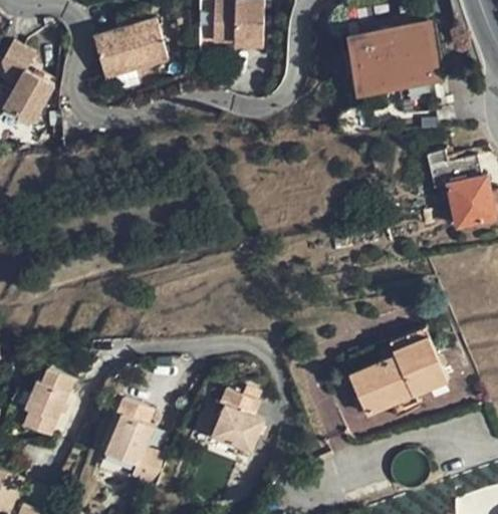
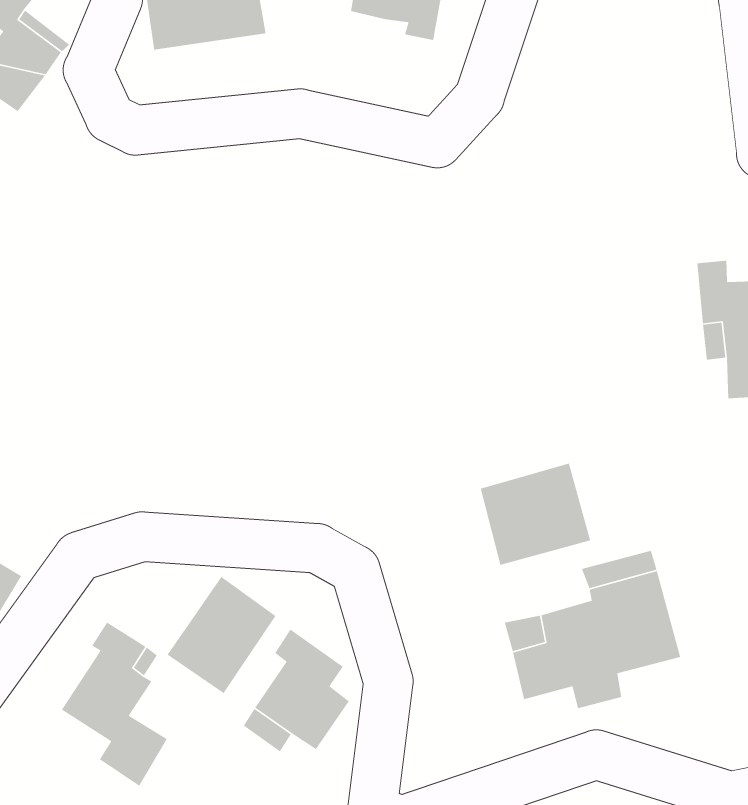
building: [353,26,433,88] -> none
building: none -> [480,462,591,566]
building: none -> [166,576,276,694]

